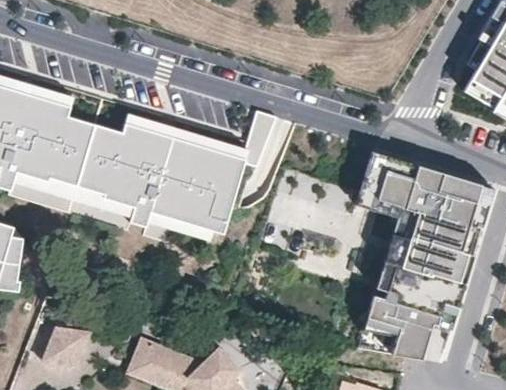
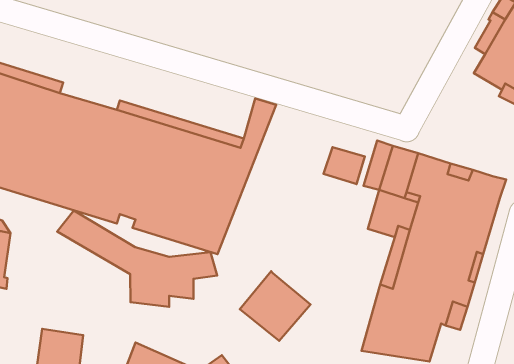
building: none -> [324,147,365,184]
building: none -> [57,210,217,307]
building: none -> [240,271,310,341]

